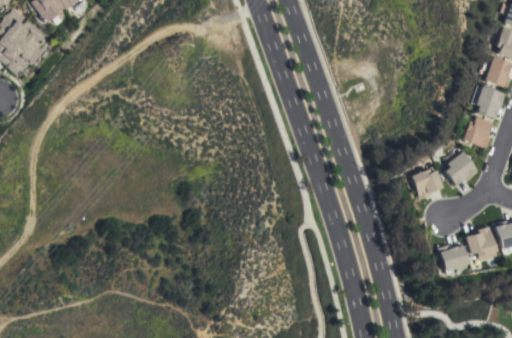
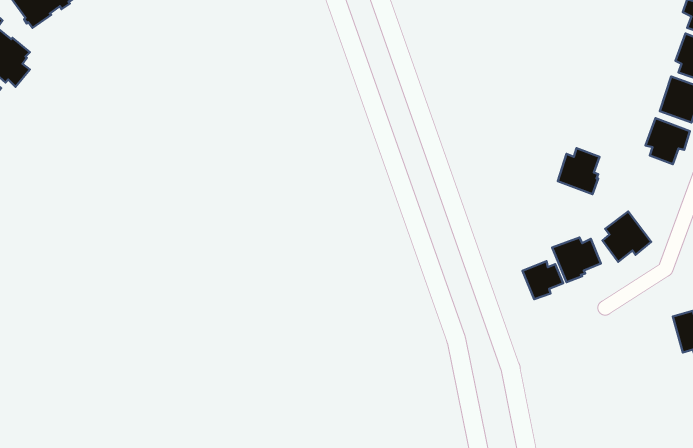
building: [463,117,492,149] -> [558,148,600,194]
building: none -> [522,261,563,299]
building: [465,226,497,261] -> none
building: [437,243,468,275] -> none

